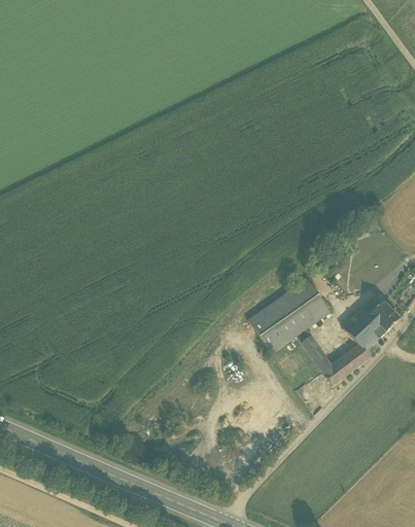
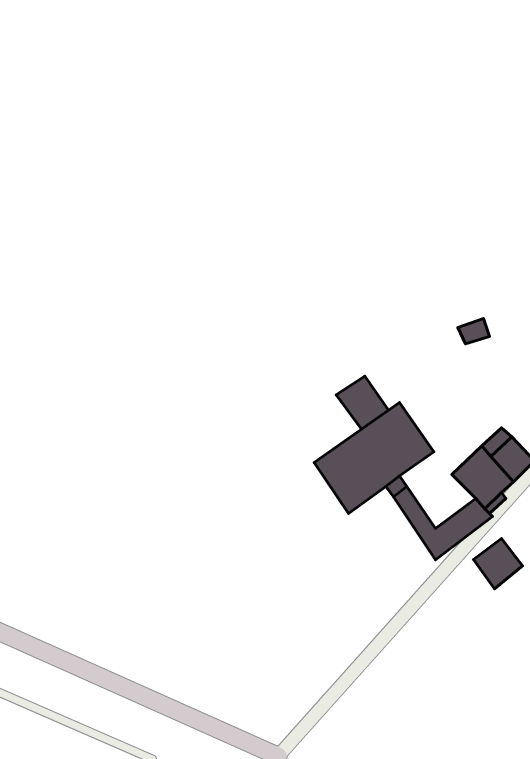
building: none -> [336,376,388,429]
building: none -> [474,538,522,589]

